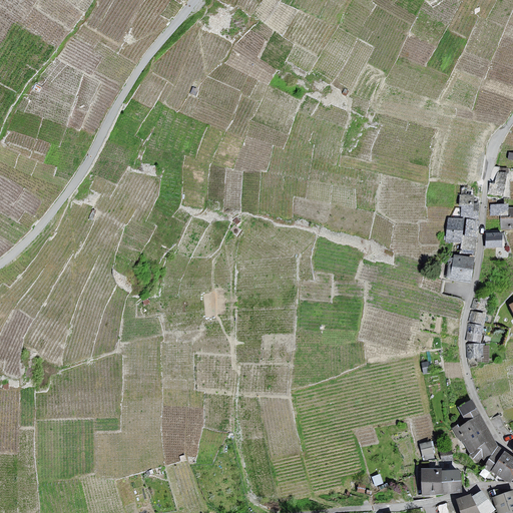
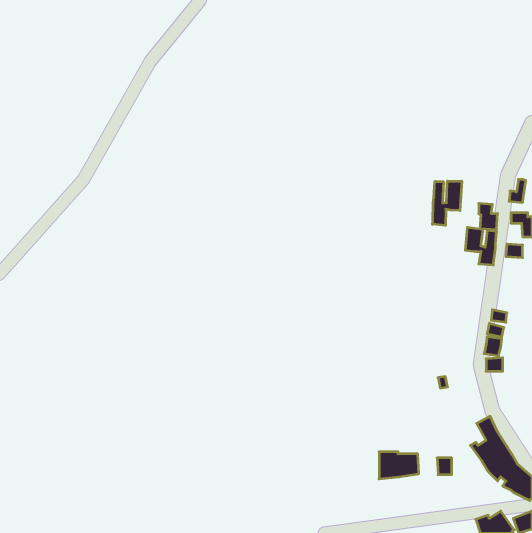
building: none -> [432,181,462,225]
building: [447,256,472,281] -> none
building: [422,469,460,495] -> [379,452,419,479]

